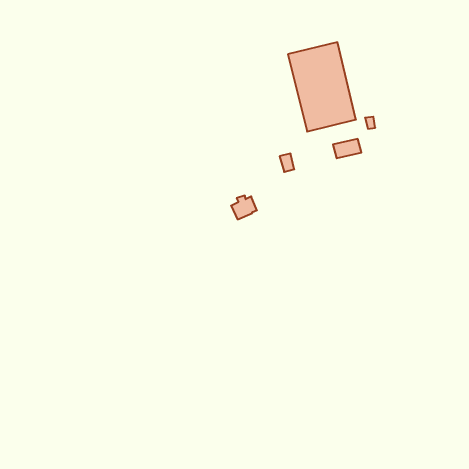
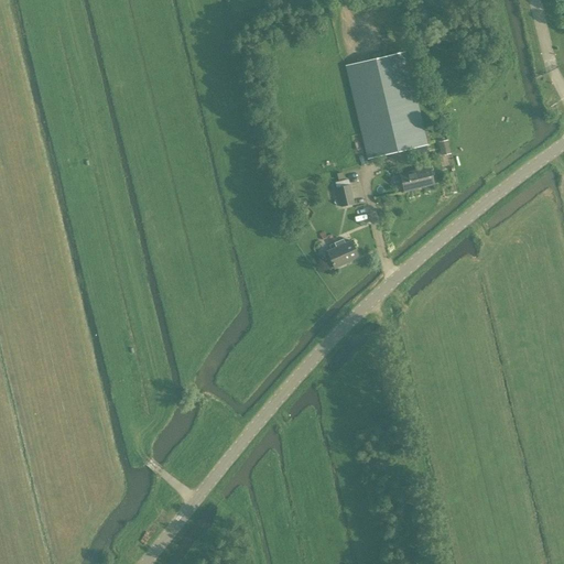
building: [231,196,257,219] -> [326,238,357,267]

